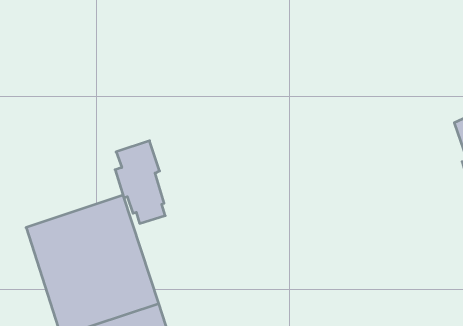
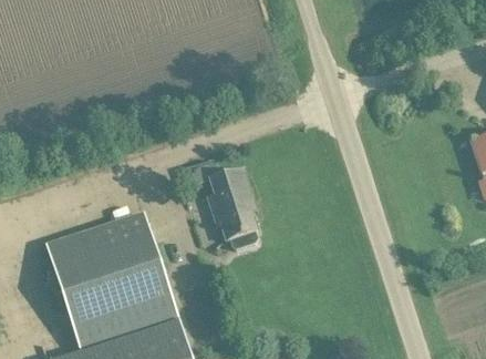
building: [115,141,165,223] -> [208,164,258,246]

